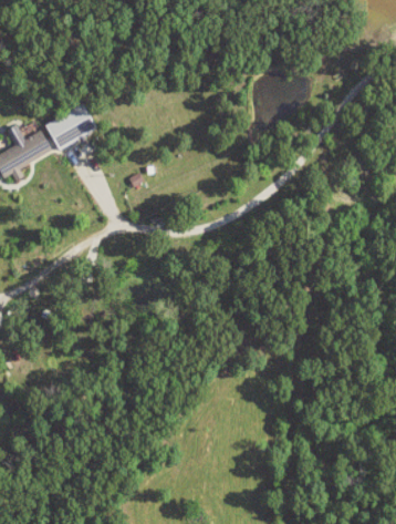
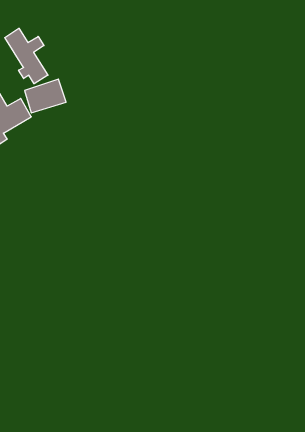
building: none -> [5,28,48,84]

